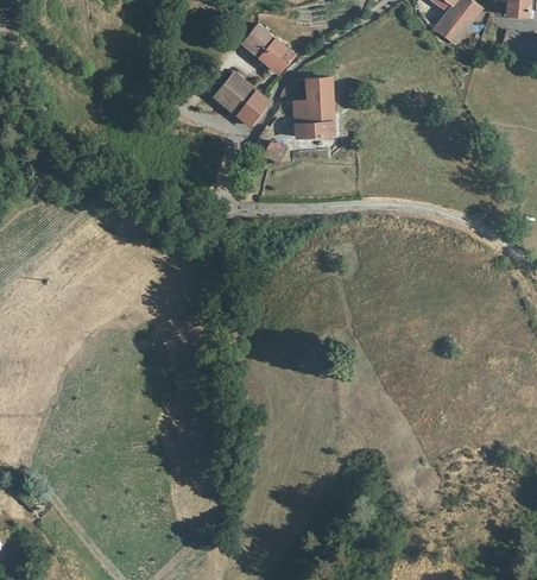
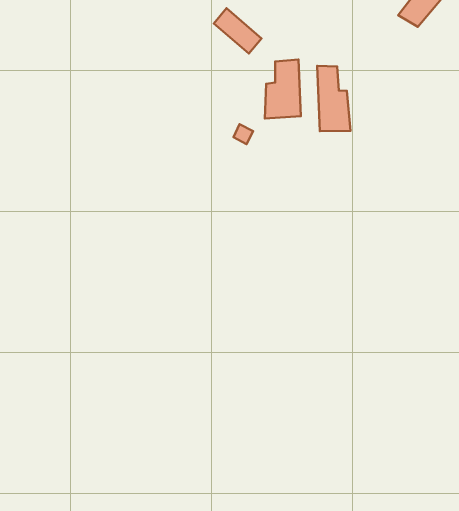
building: [215,73,268,126] -> none
building: none -> [317,66,351,131]

